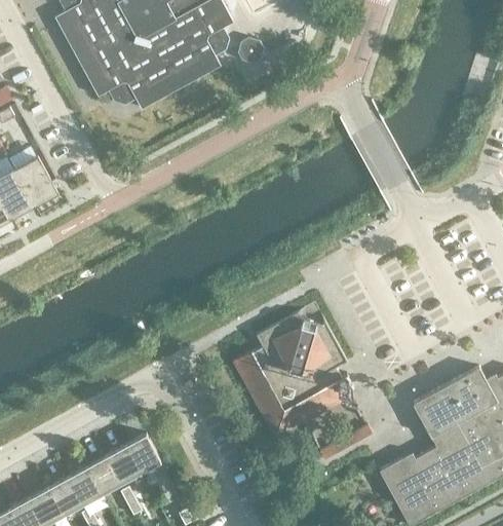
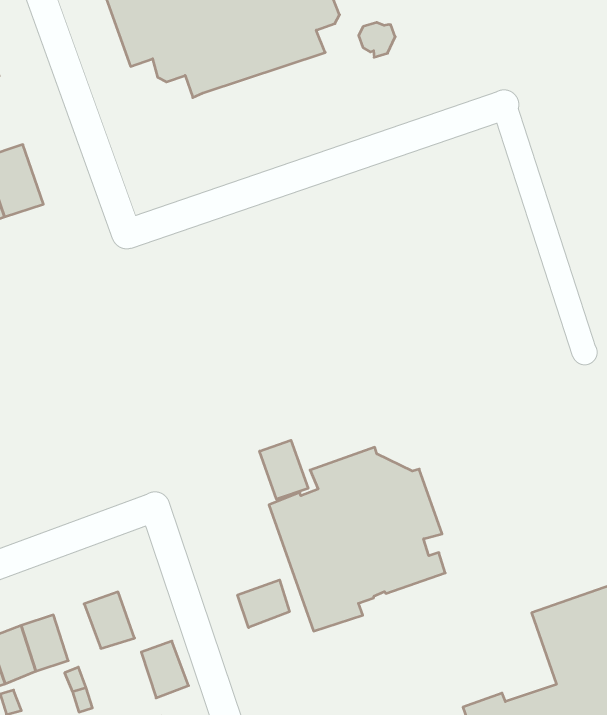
building: none -> [260,440,308,499]
building: none -> [238,580,289,628]
building: [107,445,141,483] -> [141,641,189,698]

